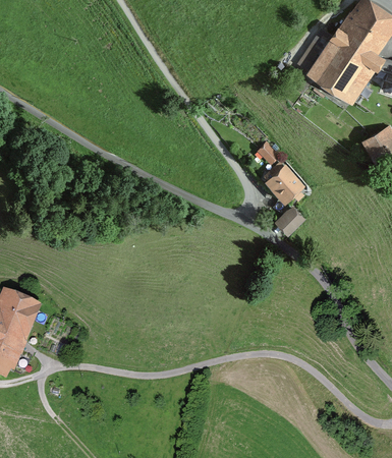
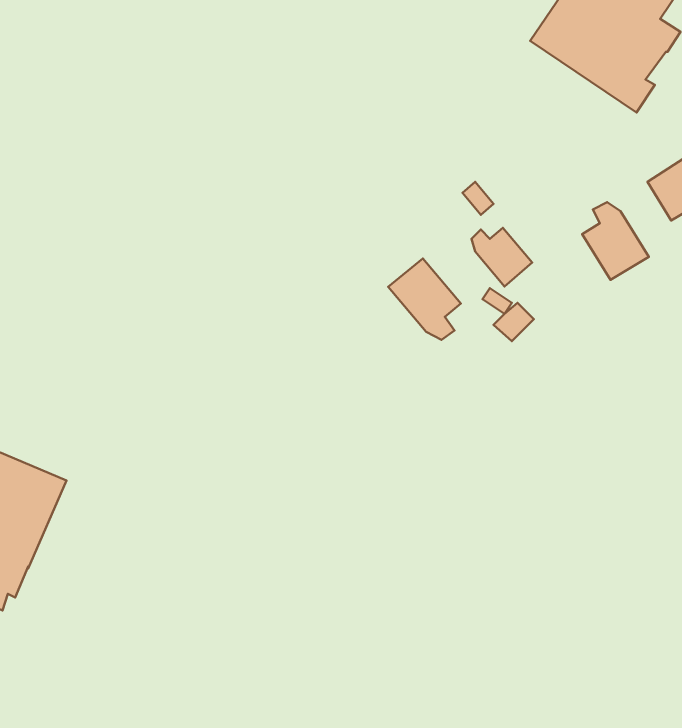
building: none -> [582,202,649,280]
building: none -> [388,258,461,340]

